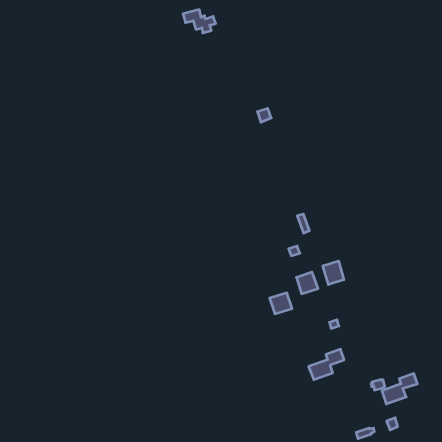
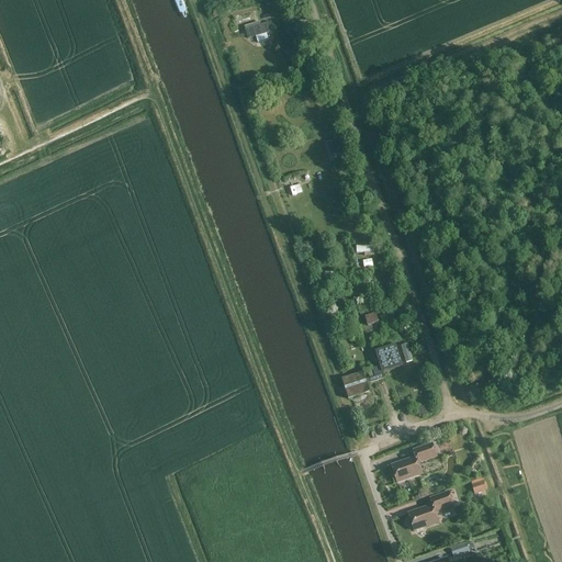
building: [323,261,344,285] -> none
building: [382,374,417,404] -> [409,491,454,529]

